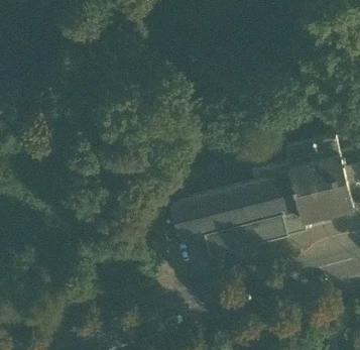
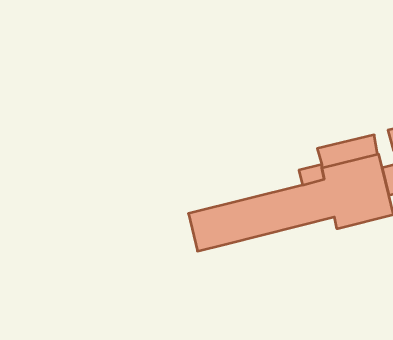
building: [206,210,308,254] -> none

